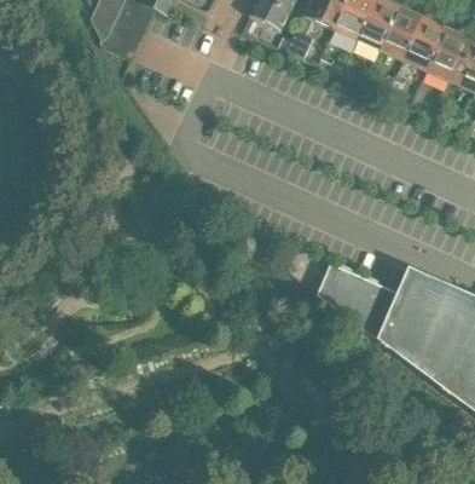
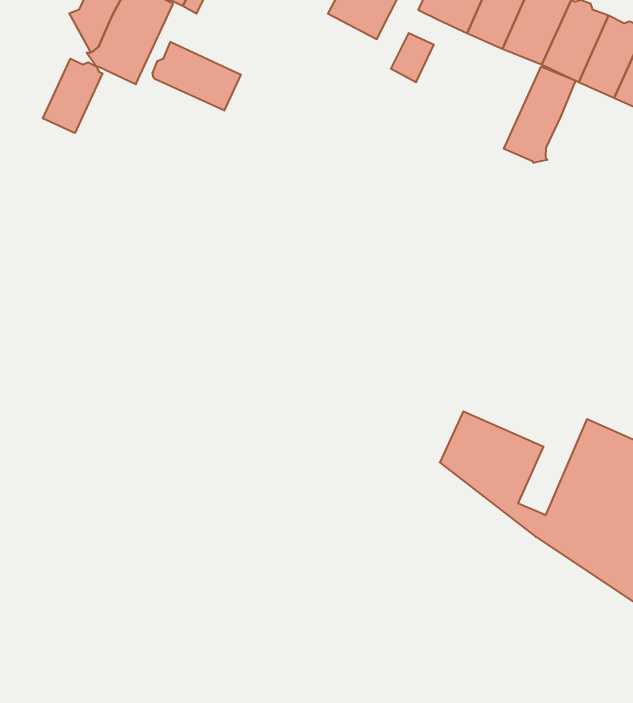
building: none -> [153,42,241,111]
building: none -> [43,59,103,133]
building: none -> [504,67,575,163]

